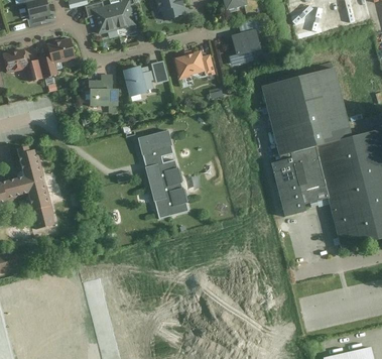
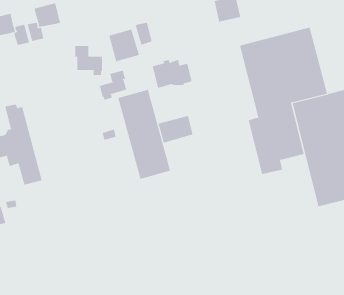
building: [173,50,216,81] -> [152,59,193,88]
building: none -> [99,70,127,101]
building: none -> [158,115,193,143]

